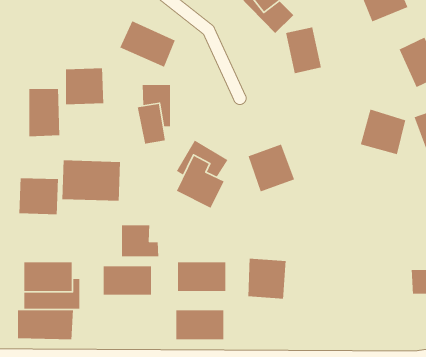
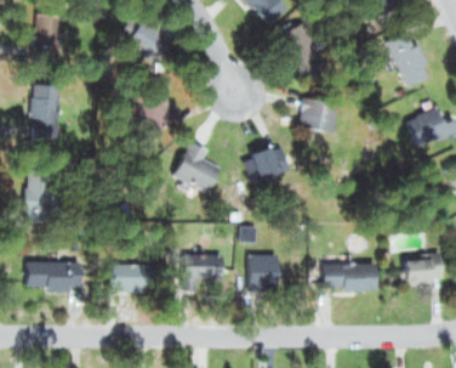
building: [65,67,104,105] -> [29,12,67,49]
building: [360,108,406,155] -> [296,90,341,135]
building: [61,159,121,202] -> none
building: [121,224,159,257] -> none
building: none -> [326,260,374,289]
building: [17,309,74,340] -> none
building: [176,310,224,340] -> none

